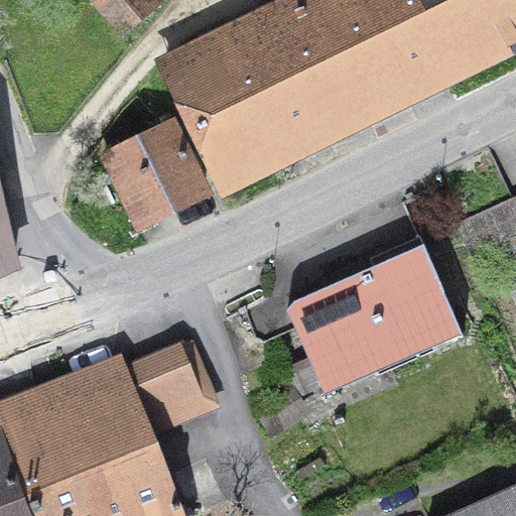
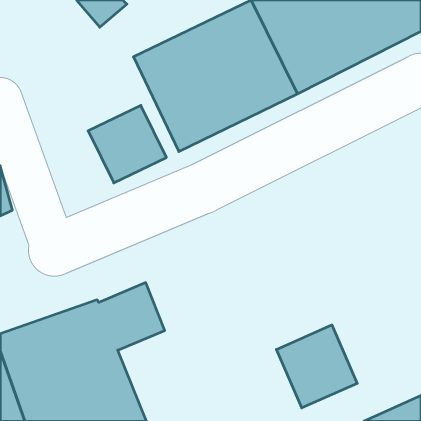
building: [286,246,463,395] -> none
building: none -> [276,325,357,408]

